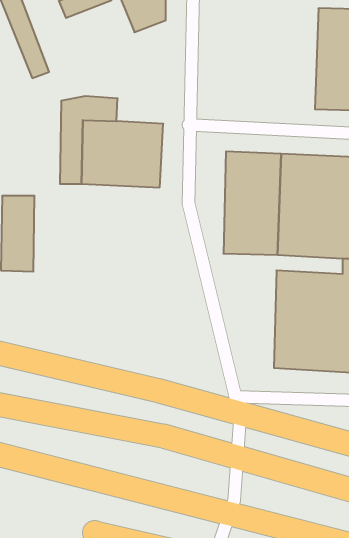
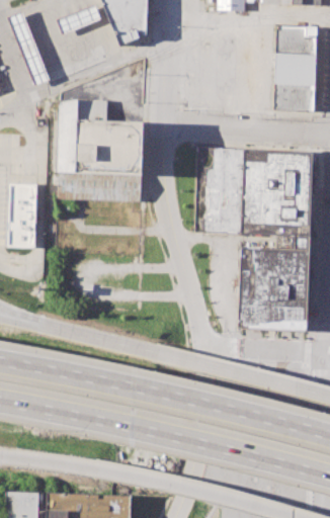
building: none -> [60,173,144,201]

